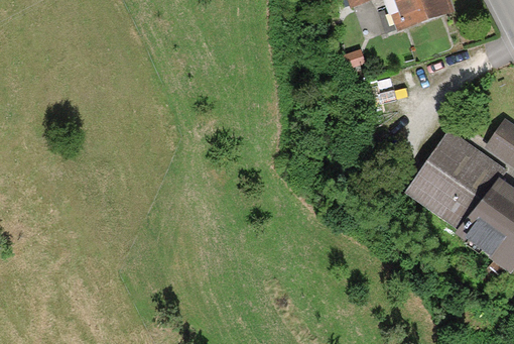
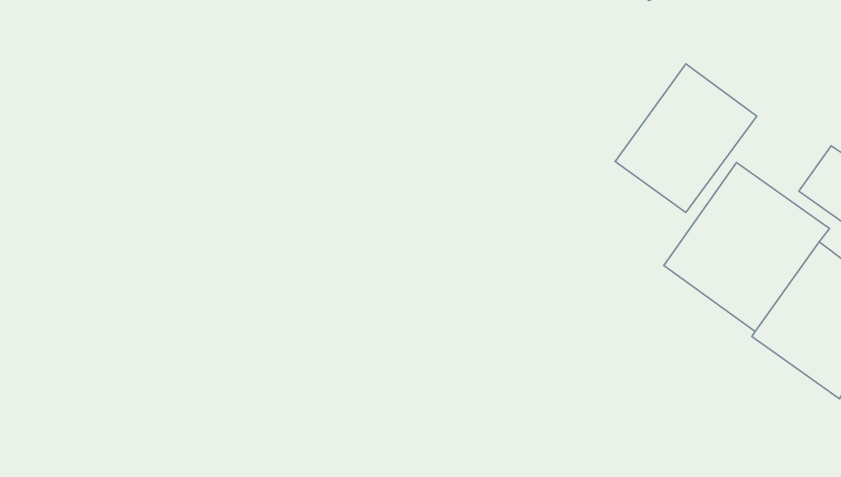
building: none -> [615,64,757,212]

